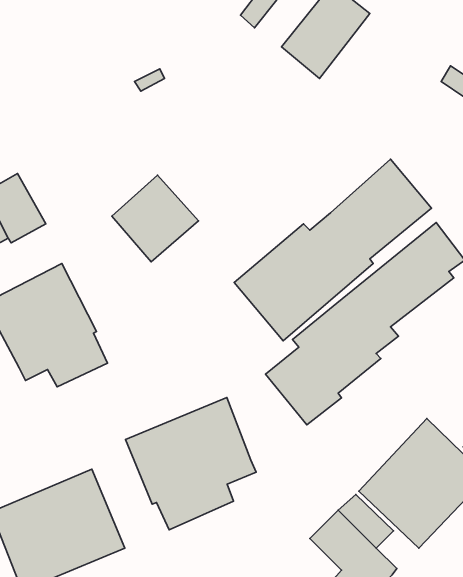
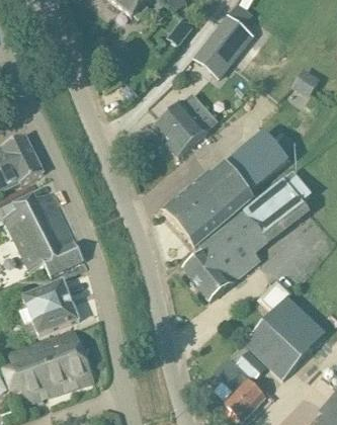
building: [112,175,199,262] -> [153,100,208,156]
building: none -> [23,280,78,335]
building: [126,397,256,530] -> none

